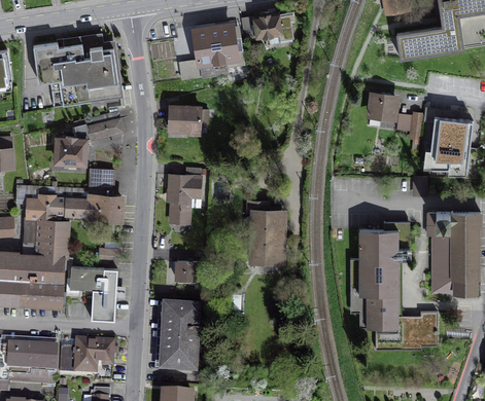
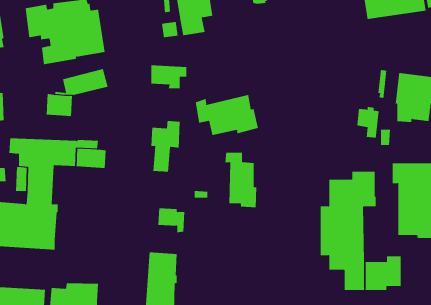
building: [370,92,394,125] -> [356,106,379,138]
building: none -> [195,94,258,136]
building: [90,168,113,187] -> none
building: [66,264,116,319] -> none

